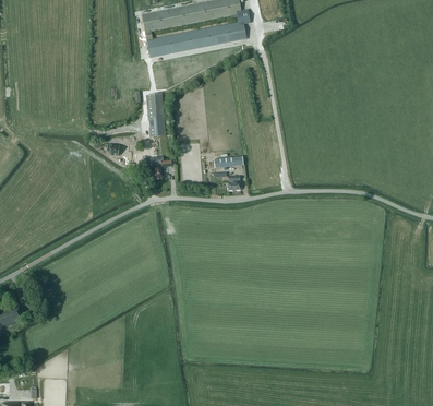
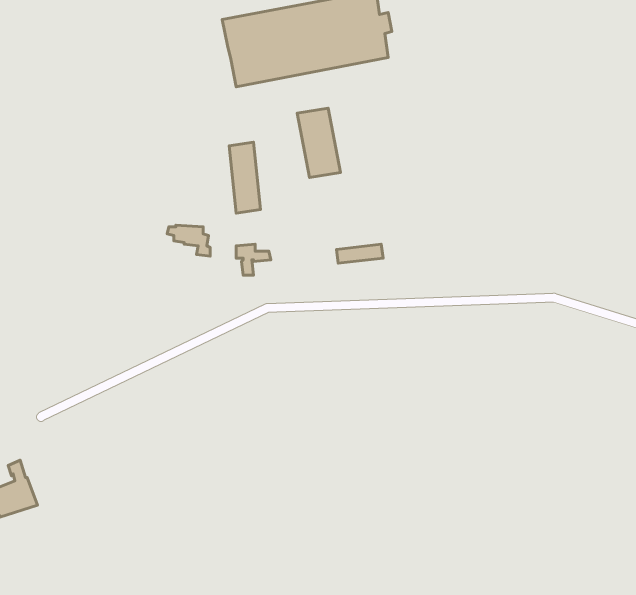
building: none -> [297,108,340,178]

